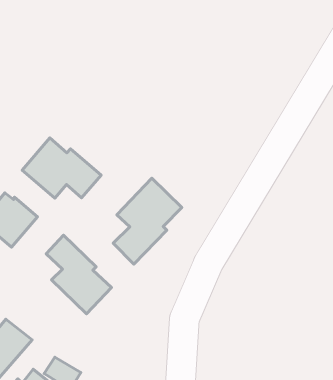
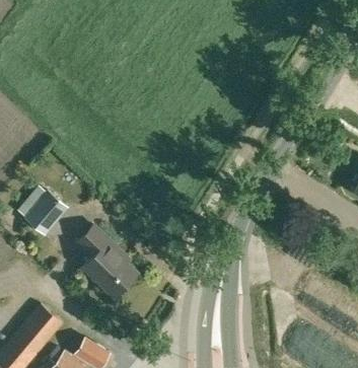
building: [22,138,101,198] -> none
building: [113,178,182,264] -> none

